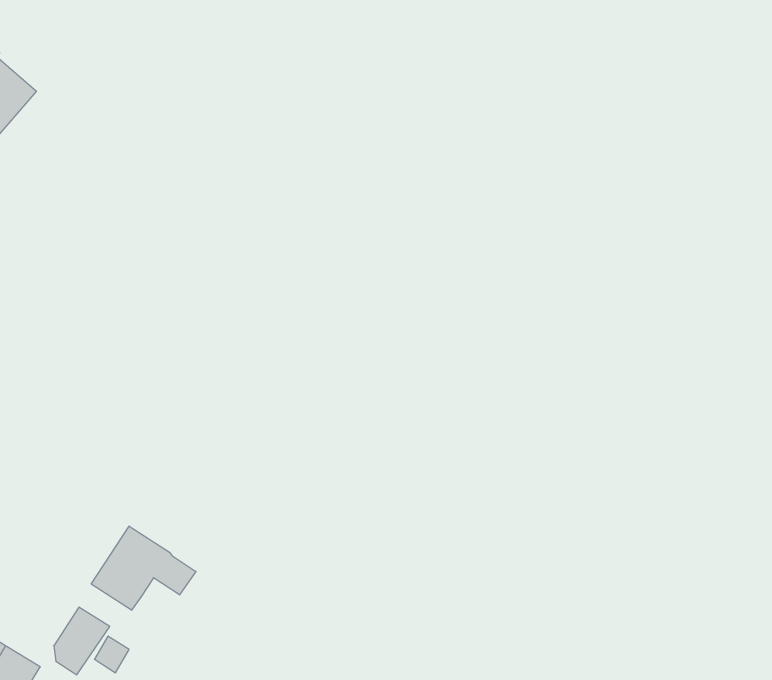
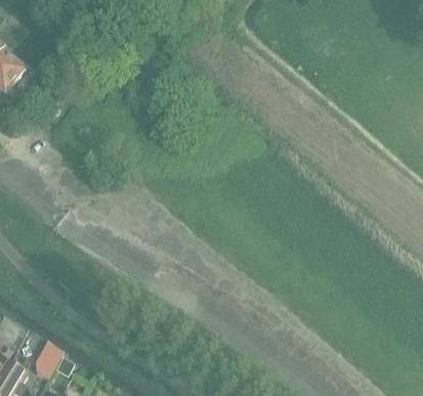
building: [91,526,196,610] -> none

